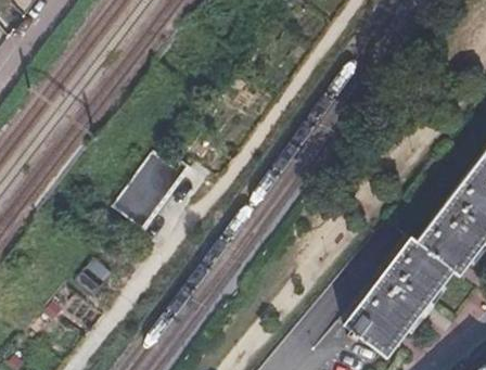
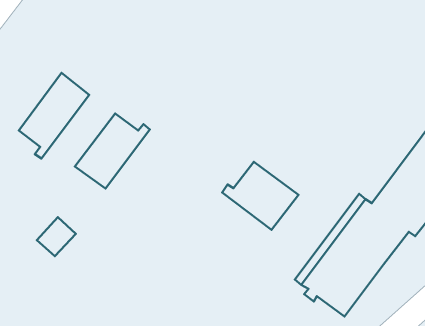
building: none -> [19,73,89,158]
building: none -> [222,162,299,230]

